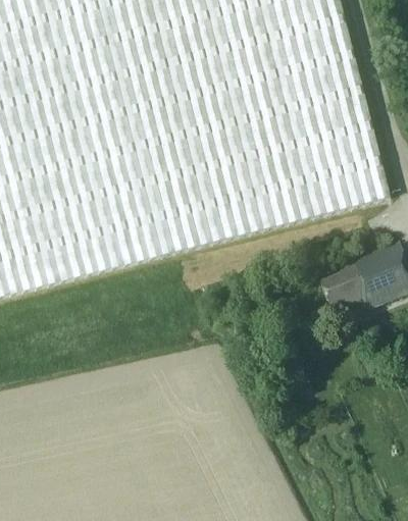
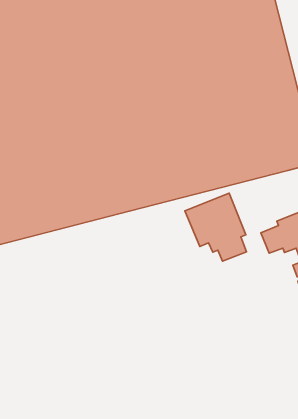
building: none -> [185,193,246,261]

